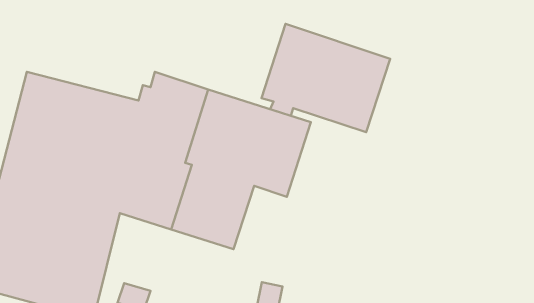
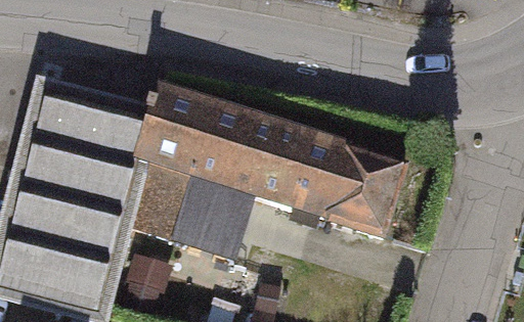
building: [261,24,390,132] -> [287,131,407,232]

